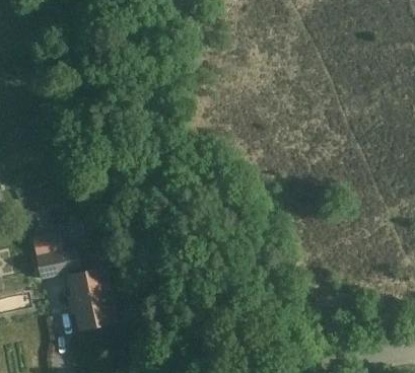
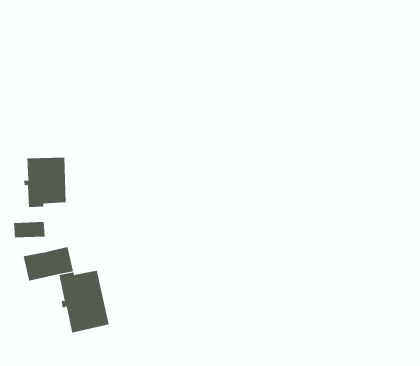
building: none -> [24,157,66,208]

